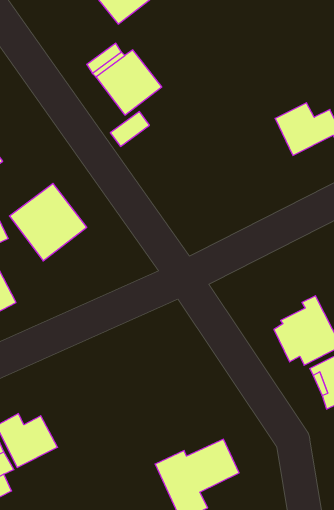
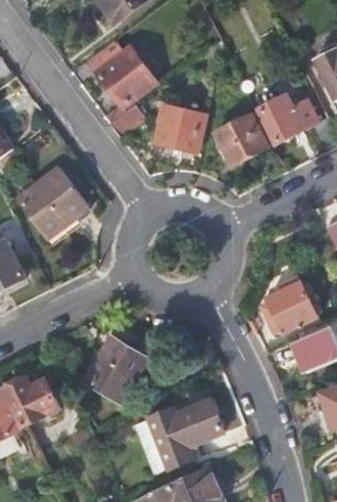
building: none -> [159,92,208,139]
building: none -> [214,113,267,165]
building: none -> [89,338,147,401]

